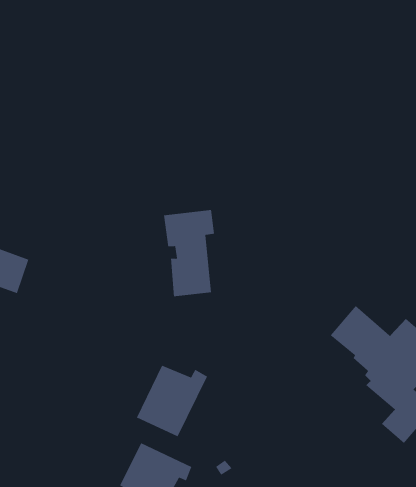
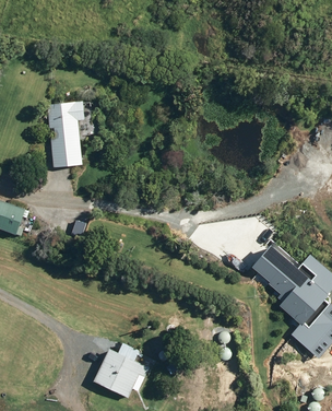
building: [163,210,215,297] -> [45,101,84,167]
building: [136,365,208,437] -> none

